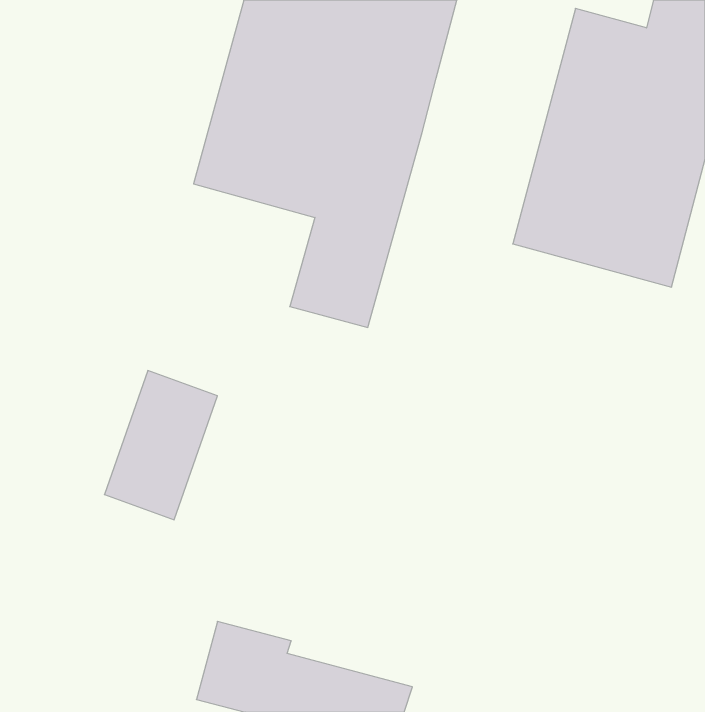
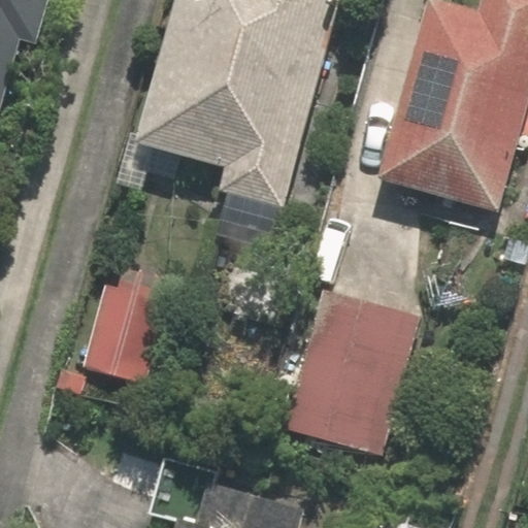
building: none -> [287,291,419,453]

